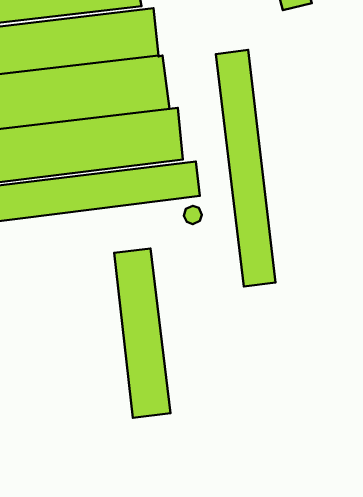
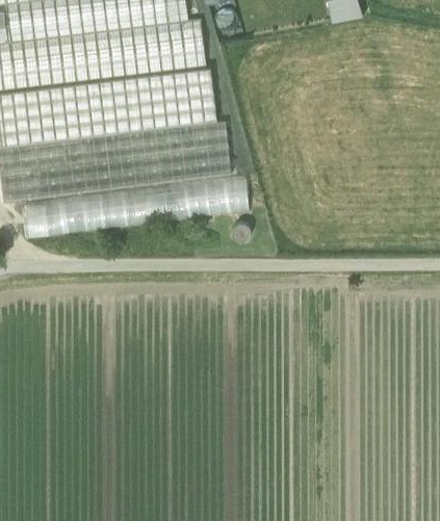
building: [216,50,275,286] -> none
building: [114,248,170,418] -> none

